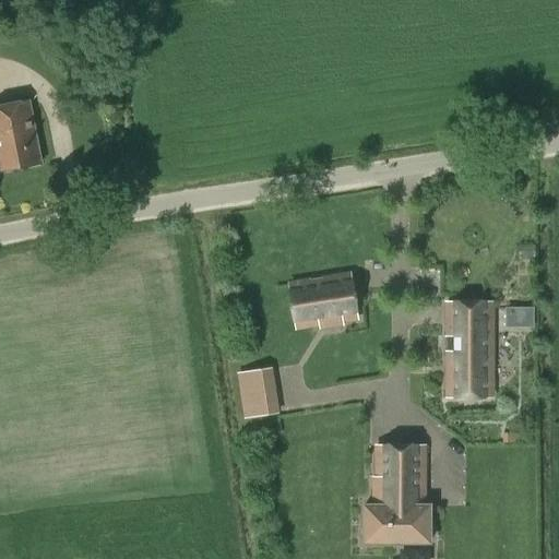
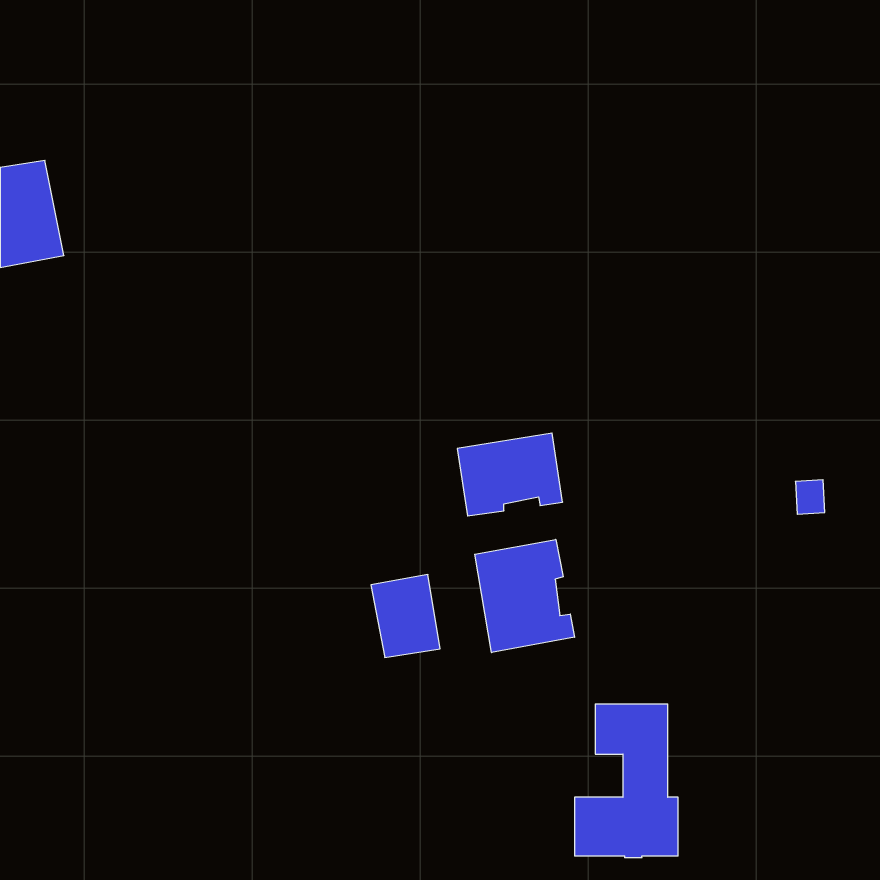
building: [448,302,492,396] -> none
building: none -> [475,539,575,653]

